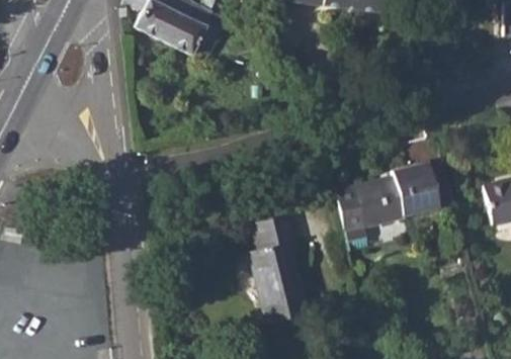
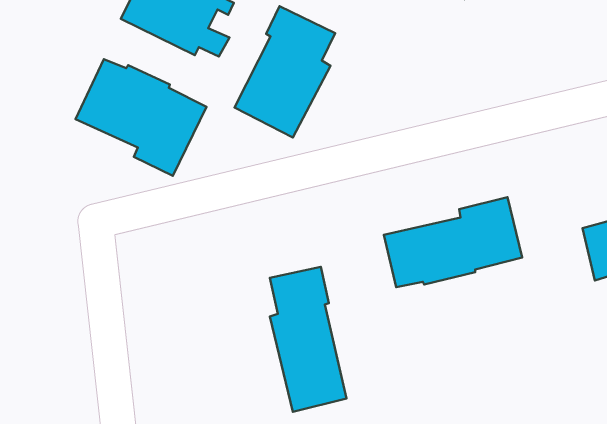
building: none -> [235,6,335,138]
building: none -> [75,59,207,176]

